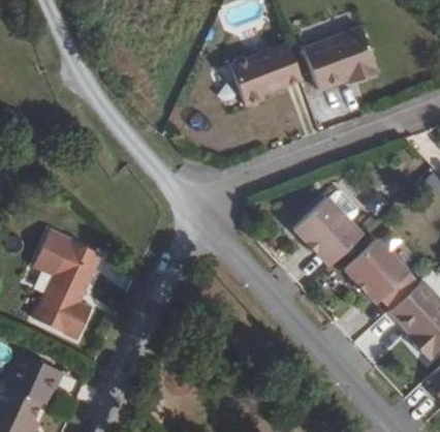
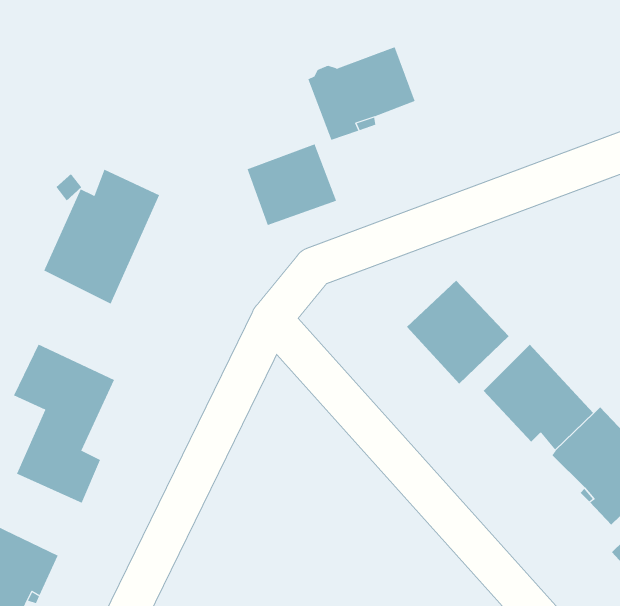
building: [302,25,376,88] -> none
building: none -> [247,144,337,226]
building: none -> [43,169,160,304]

